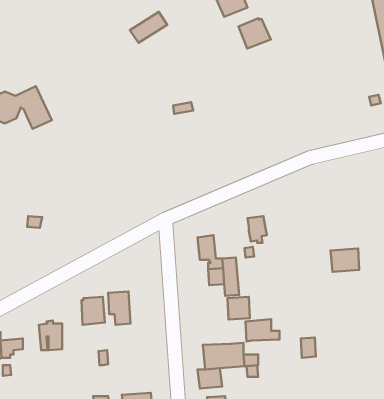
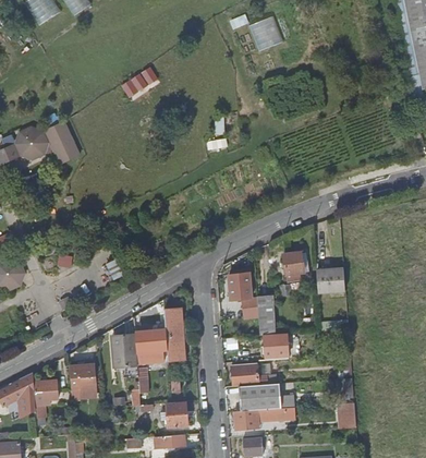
building: [130,12,167,43] -> [121,65,159,97]
building: [239,18,271,49] -> none
building: [330,248,359,272] -> [316,269,345,293]
building: none -> [165,312,184,362]
building: [246,319,280,342] -> [231,364,266,387]
building: none -> [337,402,356,427]
building: none -> [168,403,187,427]

